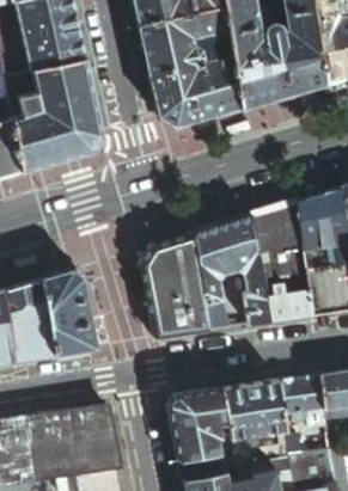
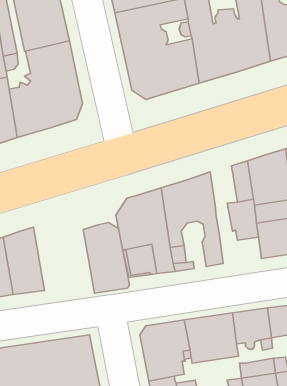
building: [252,207,285,253] -> none
building: [42,271,97,355] -> [83,223,130,293]
building: [263,283,313,323] -> none

